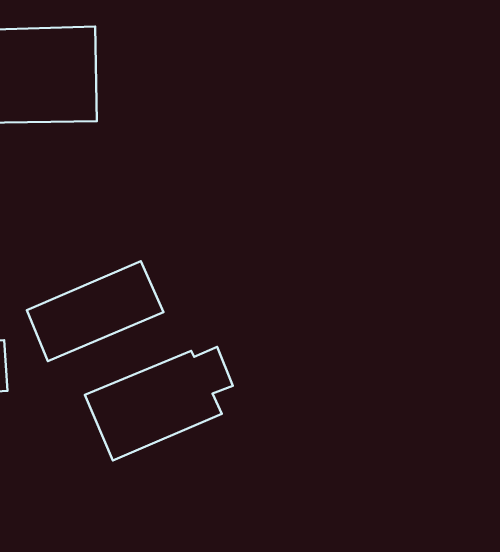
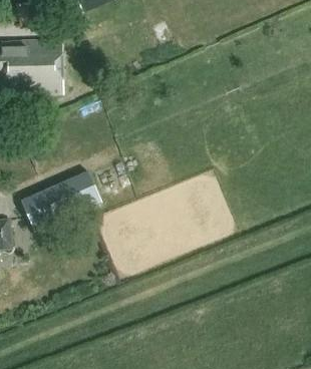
building: [85,347,233,460] -> none

